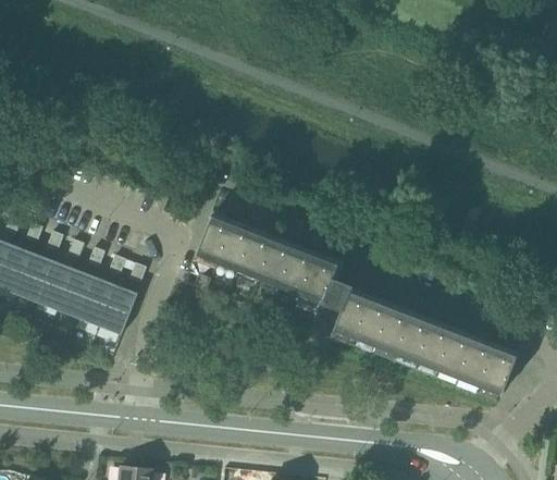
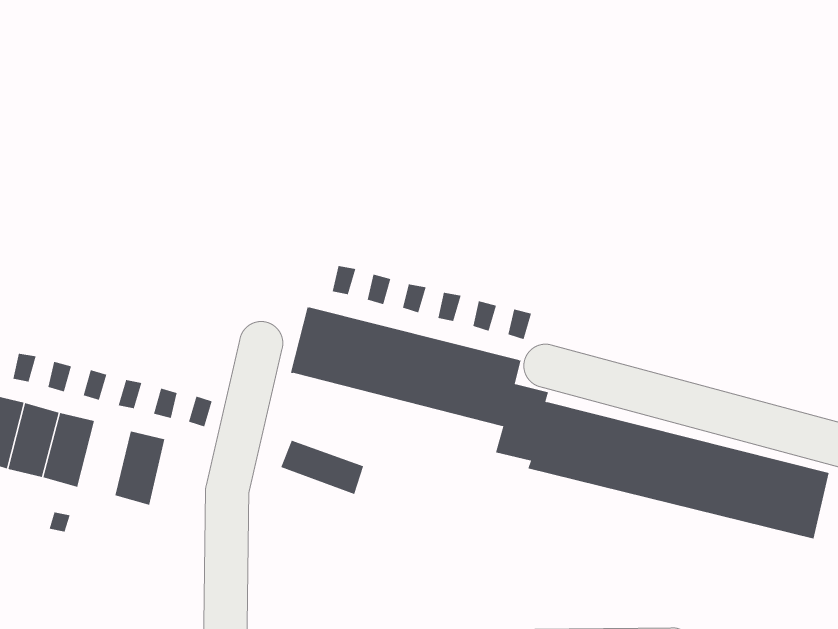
building: [58,270,94,317] -> none
building: [100,286,136,333] -> none
building: none -> [281,440,364,495]

